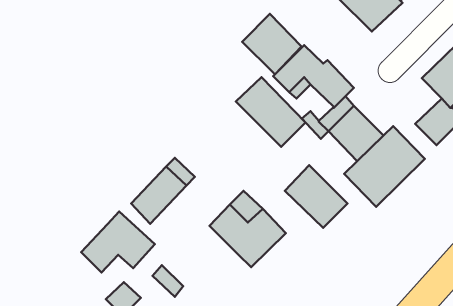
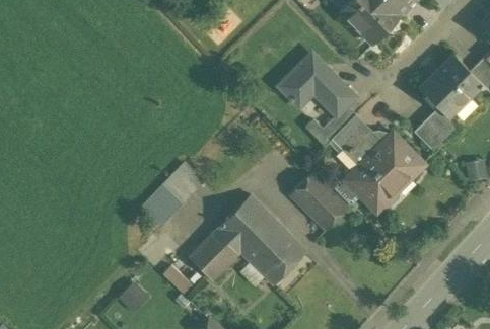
building: [242,14,302,74] -> none
building: [236,77,306,147] -> none
building: [81,212,155,273] -> none
building: none -> [189,229,244,280]
building: none -> [257,236,306,284]

